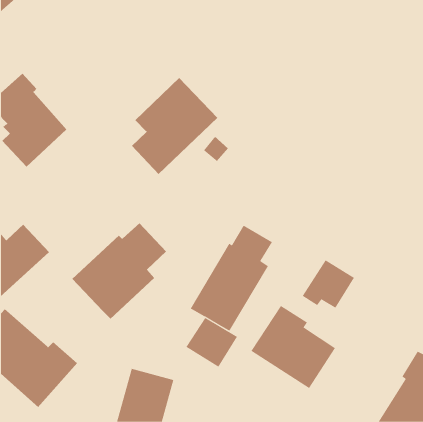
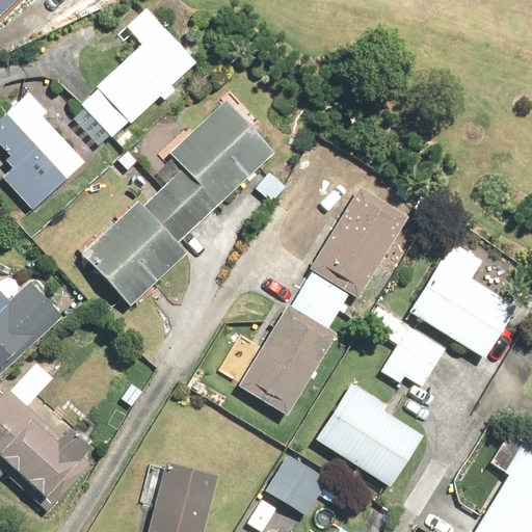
building: none -> [80,26,196,137]
building: none -> [305,184,407,303]
building: none -> [409,244,516,360]
building: [71,222,167,319] -> [80,183,200,304]
building: [186,317,238,368] -> [264,453,329,516]

